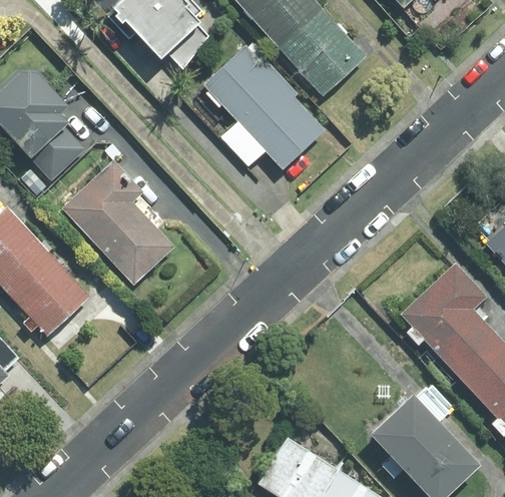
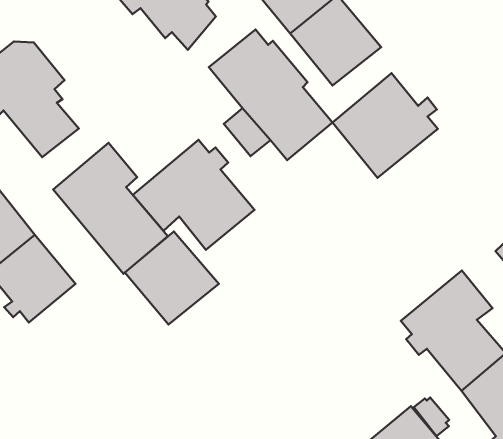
building: none -> [333,73,438,178]
building: none -> [133,140,255,250]
building: none -> [125,232,219,325]

